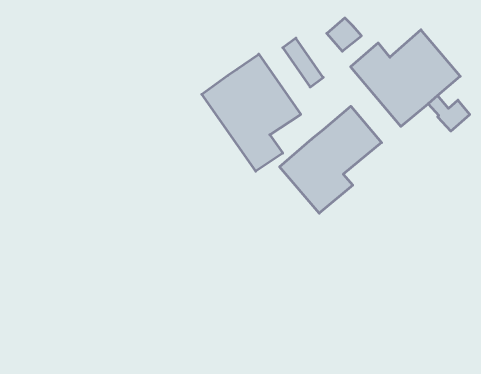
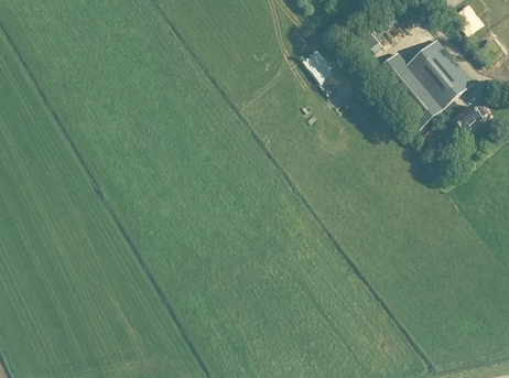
building: [202,54,301,171] -> none
building: [280,106,382,213] -> none

